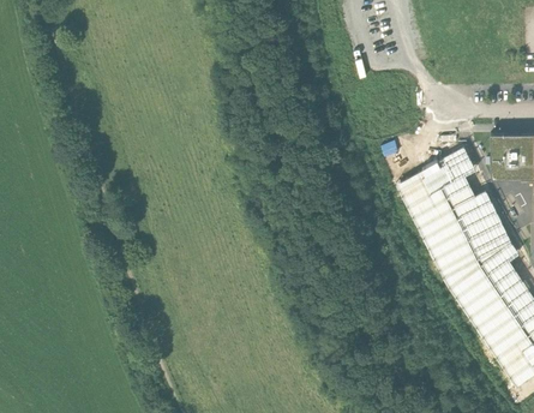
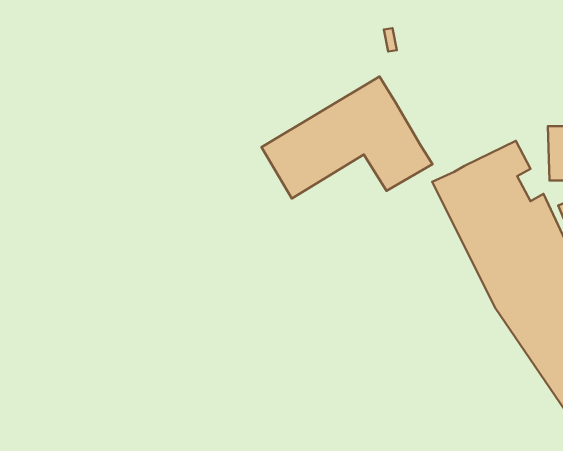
building: none -> [262,77,432,199]

